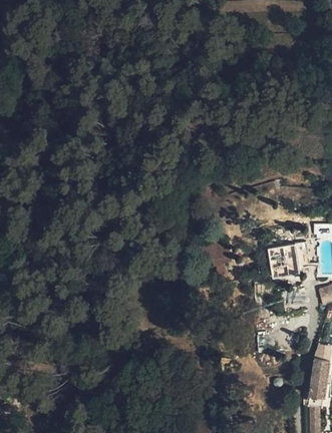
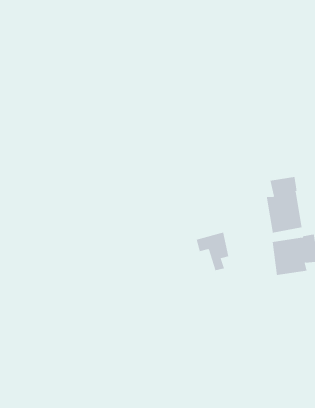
building: none -> [266,176,302,234]

